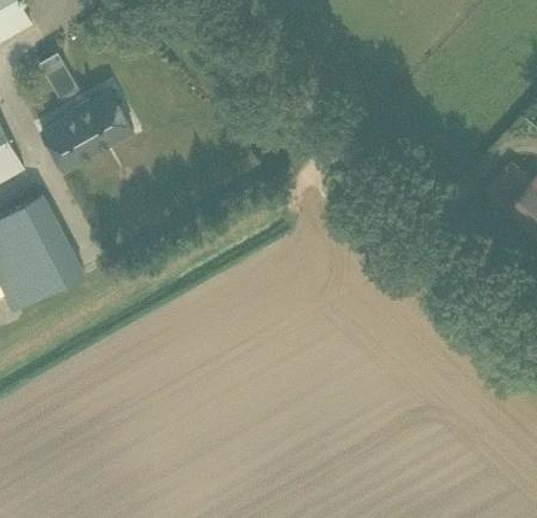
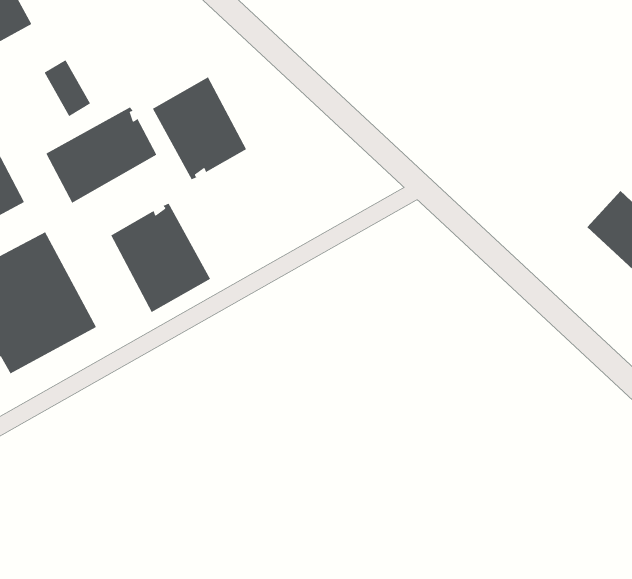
building: none -> [152,76,247,180]
building: none -> [111,203,211,313]

